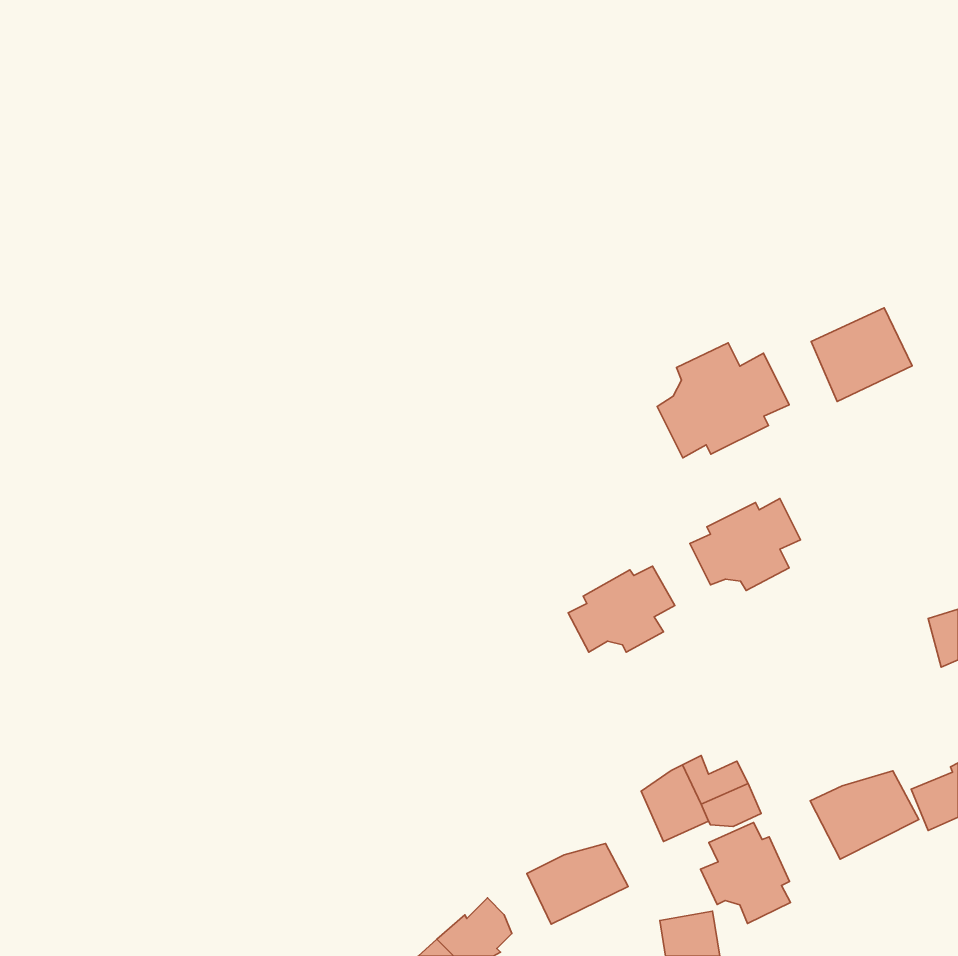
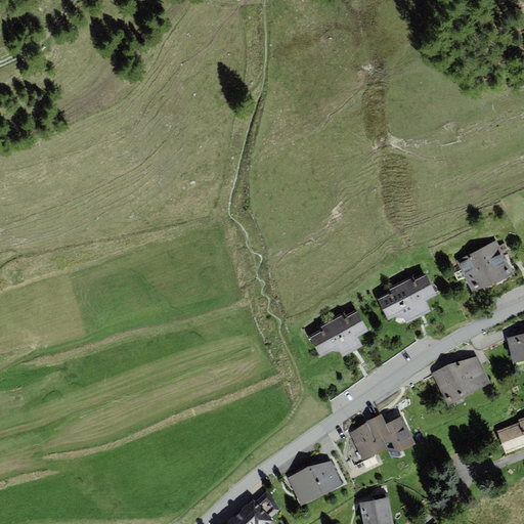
building: [811,308,912,402] -> [457,241,513,292]
building: [657,343,789,458] -> none
building: [810,771,919,859] -> [432,356,491,404]
building: [700,823,790,923] -> none

